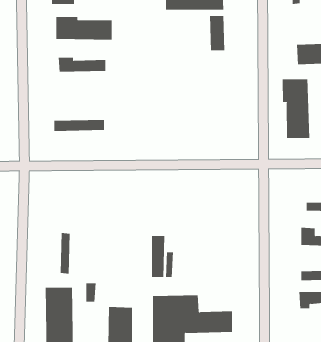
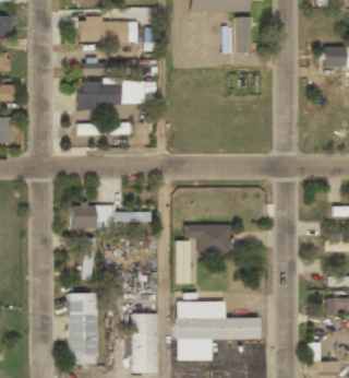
building: none -> [79,79,144,109]
building: [282,79,310,139] -> none
building: none -> [72,205,151,227]
building: none -> [184,223,231,253]

